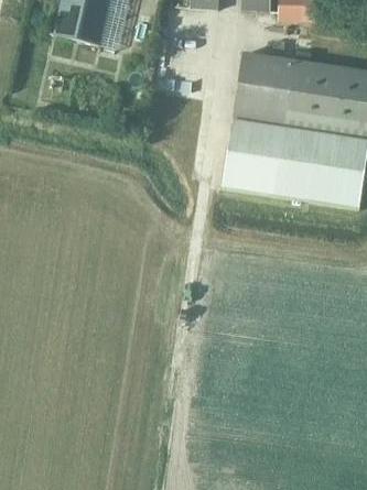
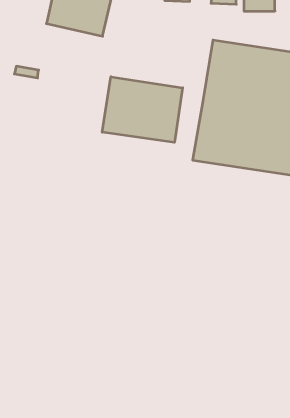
building: none -> [102,77,183,142]

